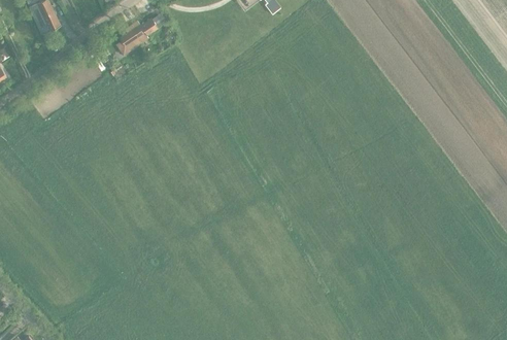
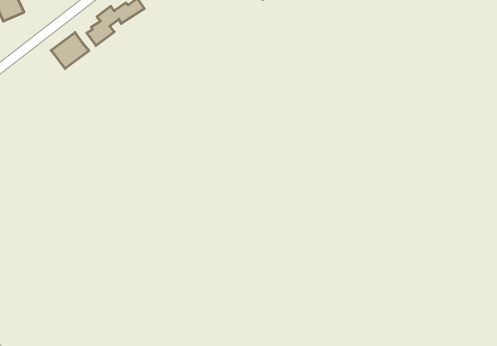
building: none -> [51,32,89,69]

